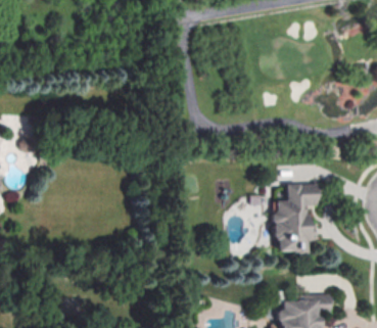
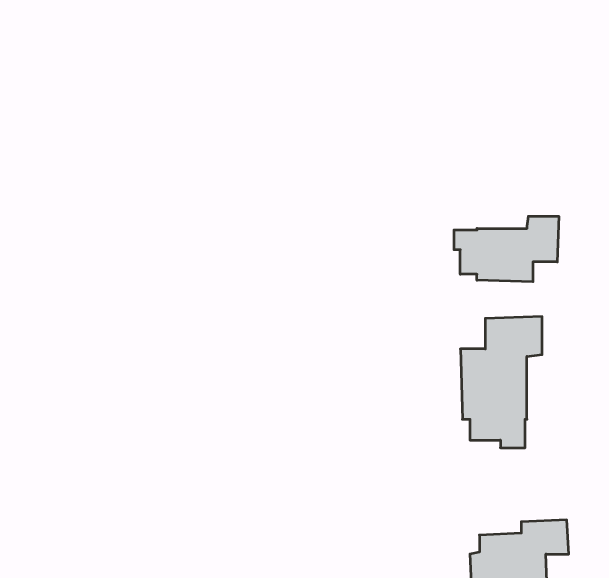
building: none -> [454,216,559,282]

